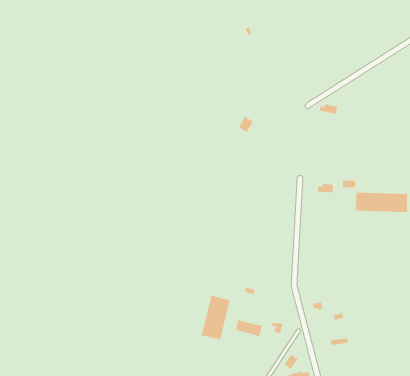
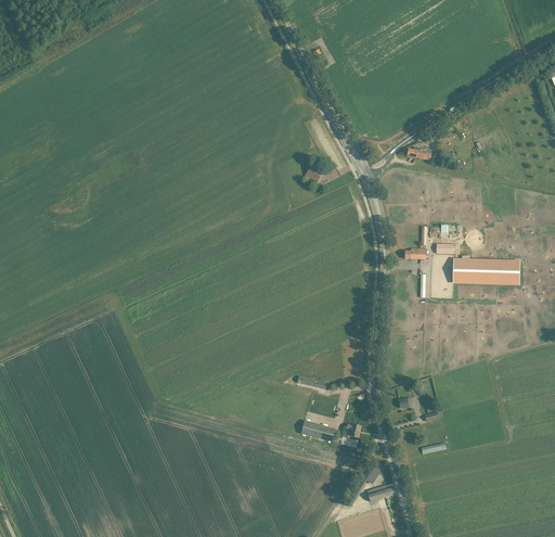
building: [201,295,230,340] -> none

